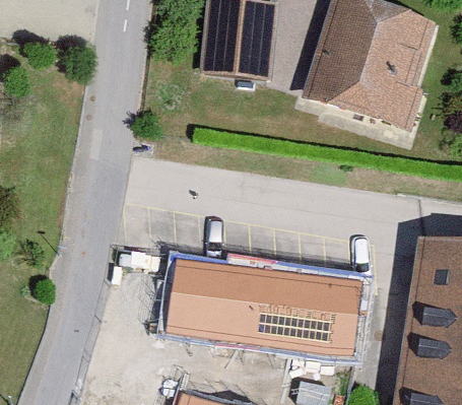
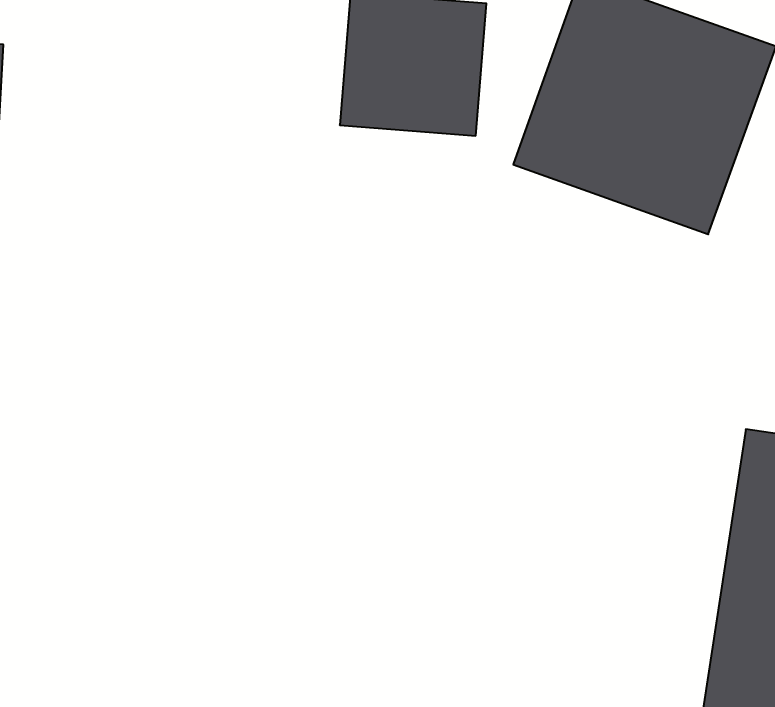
building: [169,251,365,350] -> none

